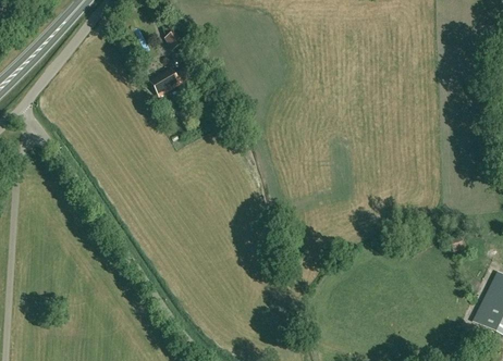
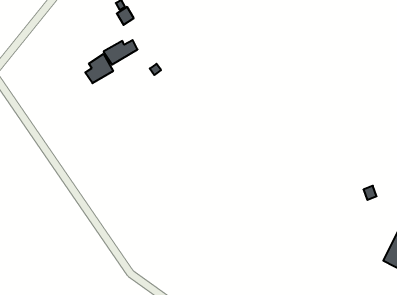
building: none -> [85,54,113,83]

